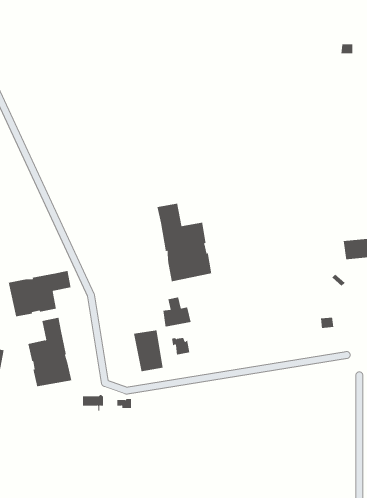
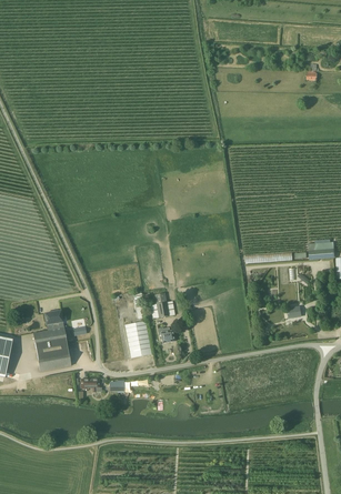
building: [157,203,212,282] -> none
building: [8,270,71,317] -> none

